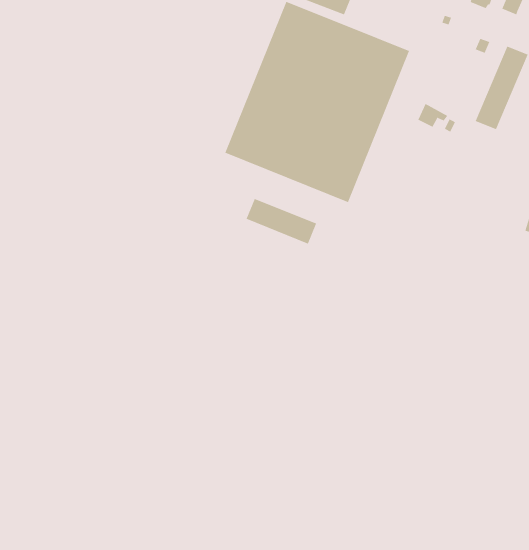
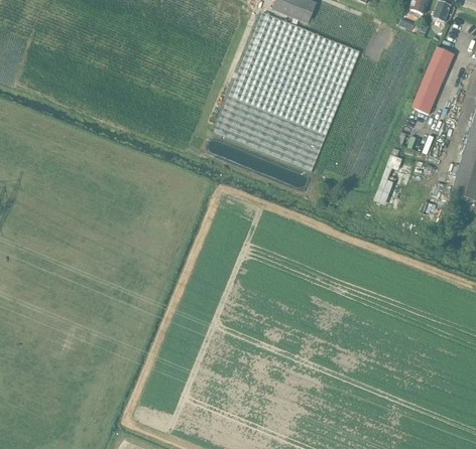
building: [246,198,317,244] -> none

